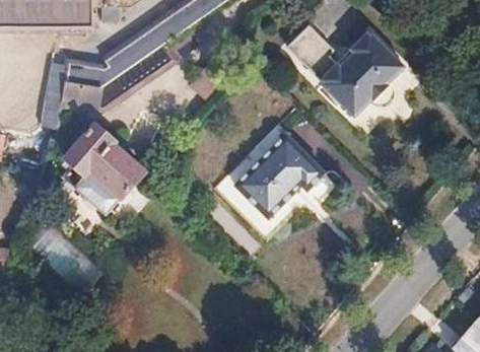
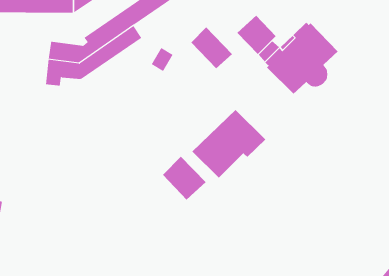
building: none -> [191,26,233,69]
building: [65,127,147,216] -> none
building: none -> [162,156,206,200]

